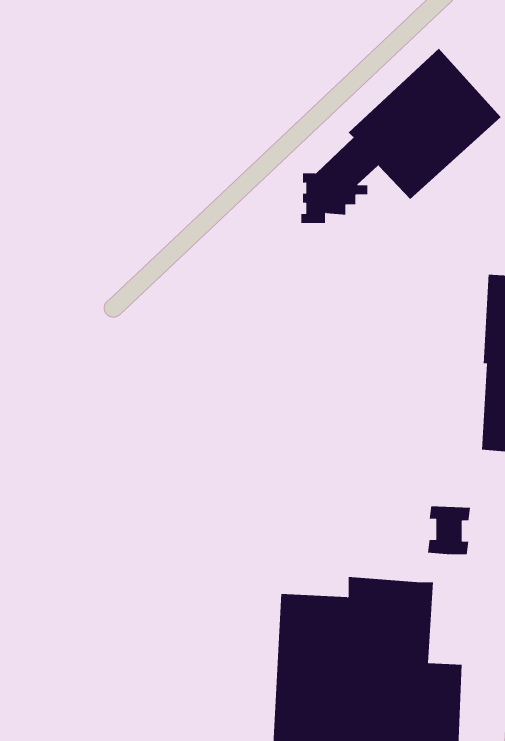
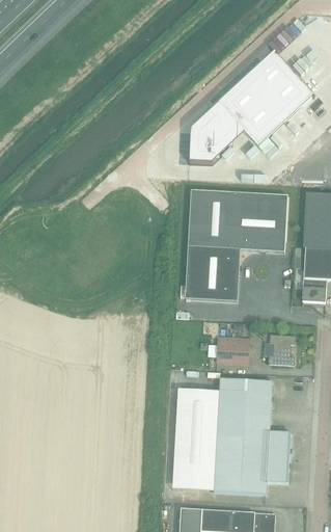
building: none -> [181,191,288,301]
building: none -> [217,335,249,363]

